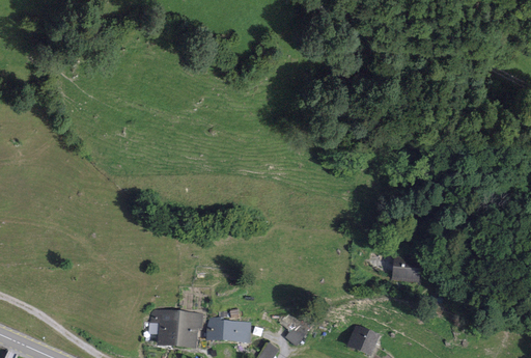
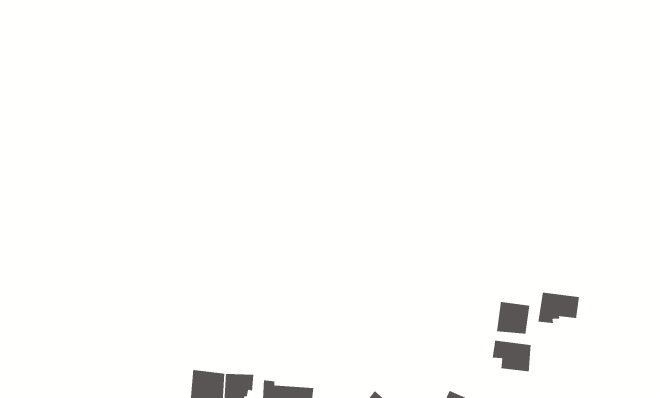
building: none -> [538,292,579,324]
building: none -> [492,340,531,372]

